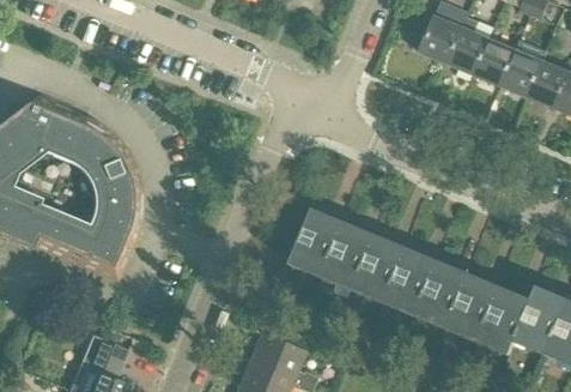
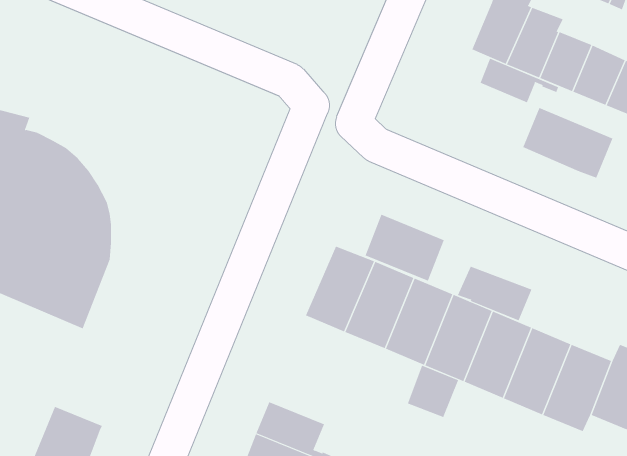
building: none -> [480,58,559,103]
building: none -> [523,107,613,178]
building: none -> [365,214,444,282]
building: none -> [457,266,532,321]
building: none -> [407,365,459,418]

